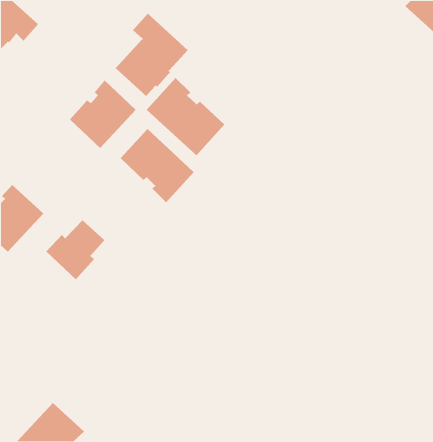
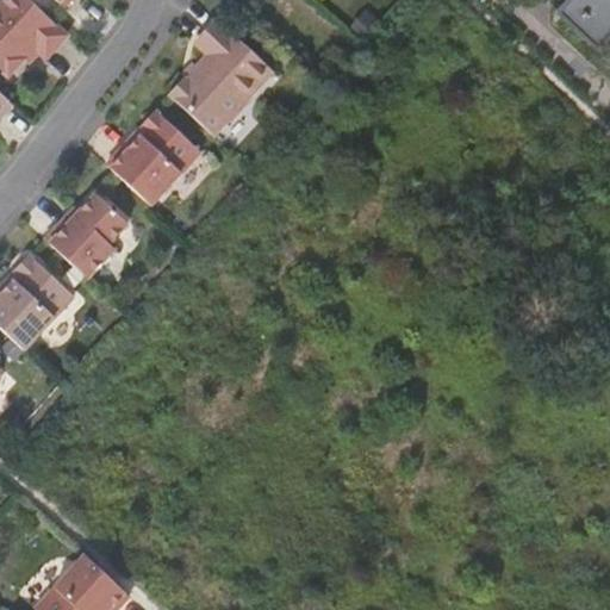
building: [146,77,225,156] -> none
building: [120,128,195,203] -> none
building: [45,219,105,280] -> [44,193,126,276]

